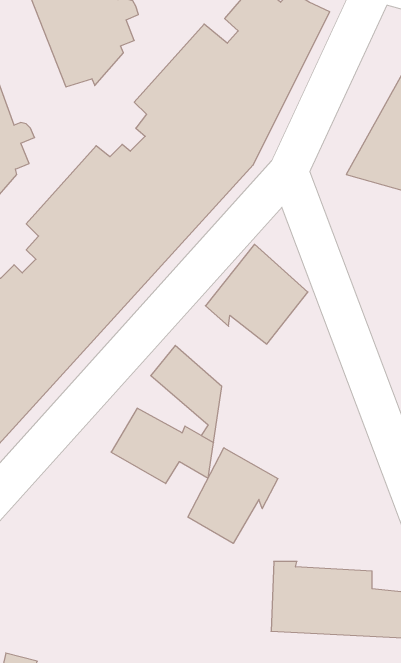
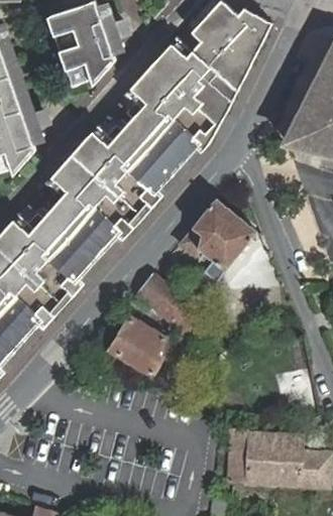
building: [188,448,278,543] -> none

